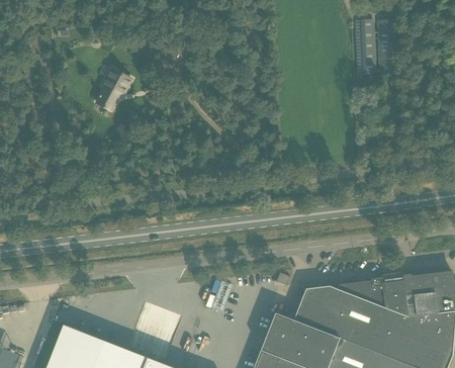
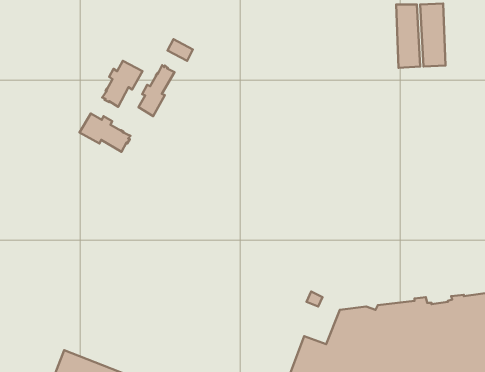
building: none -> [138,65,175,116]
building: none -> [80,114,130,152]

